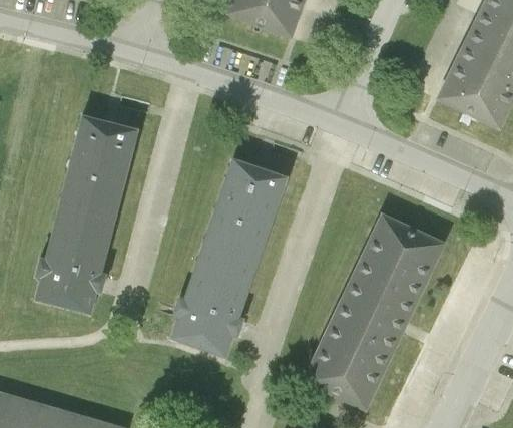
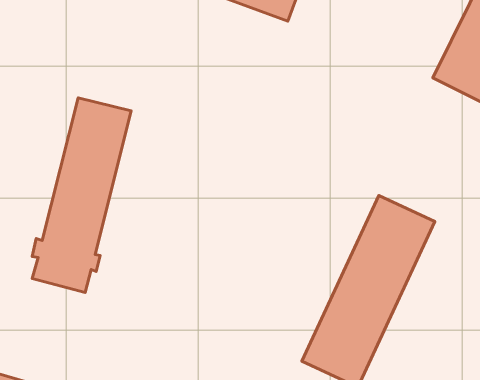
building: [169,152,287,356] -> none

